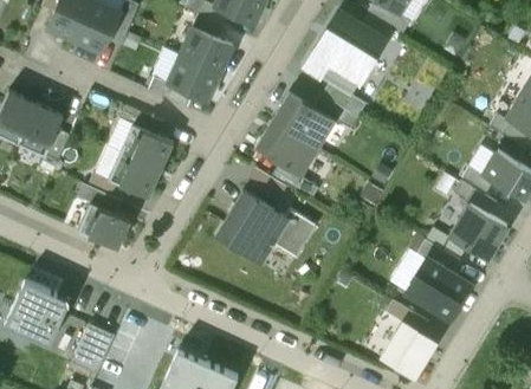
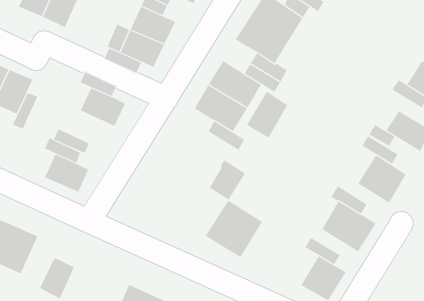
building: none -> [246,91,288,139]
building: [109,150,162,196] -> none
building: [219,192,287,260] -> [205,200,263,258]

